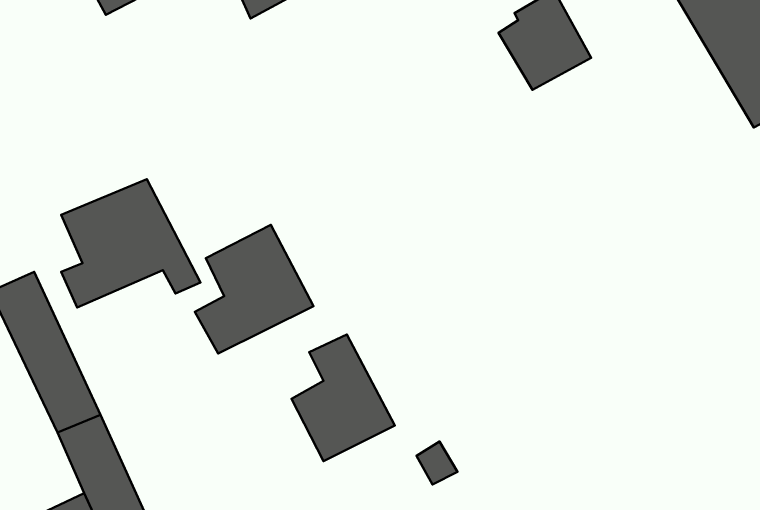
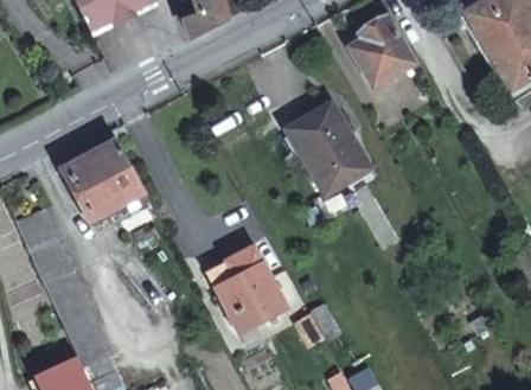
building: none -> [287,101,370,192]
building: [195,225,314,354] -> none

